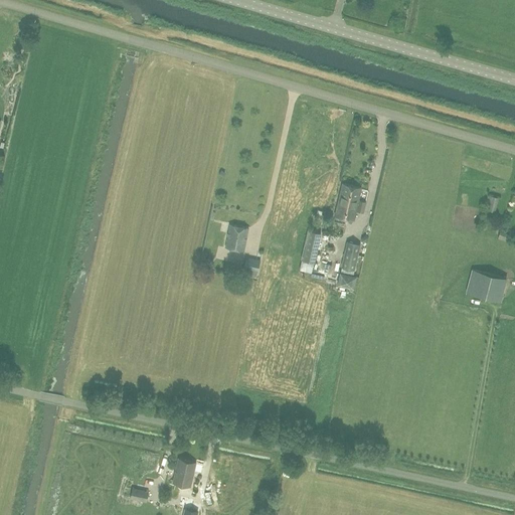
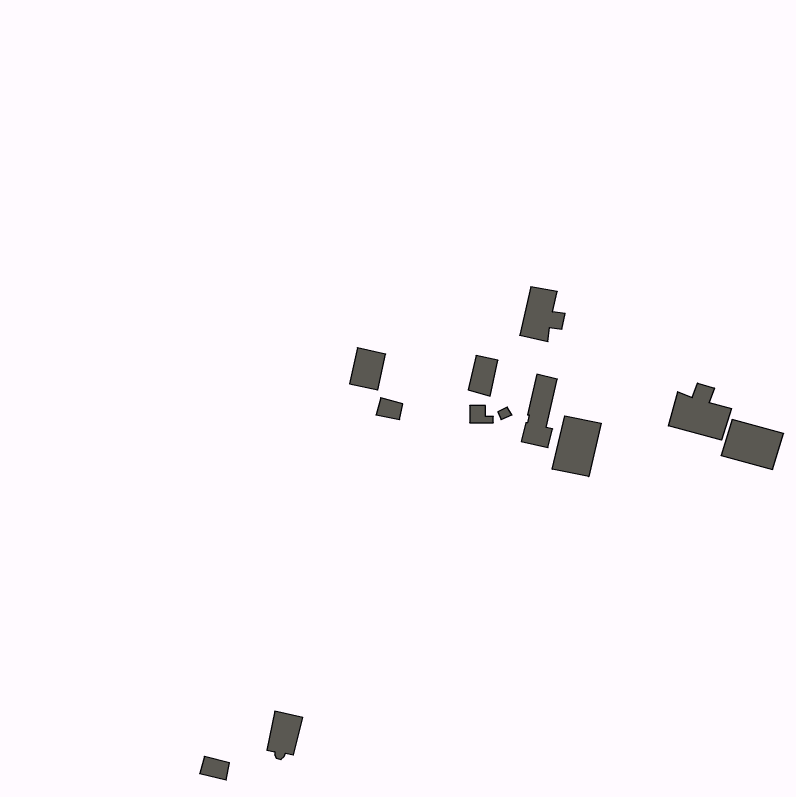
building: none -> [668,383,731,440]
building: none -> [552,416,601,477]

